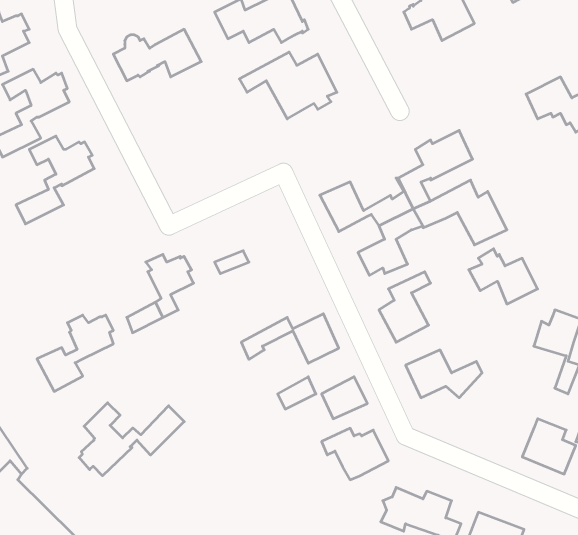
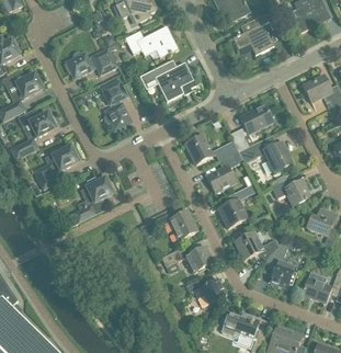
building: none -> [101,79,130,130]
building: [37,315,113,391] -> [34,145,78,189]
building: none -> [265,240,296,287]
building: [79,403,184,476] -> none

